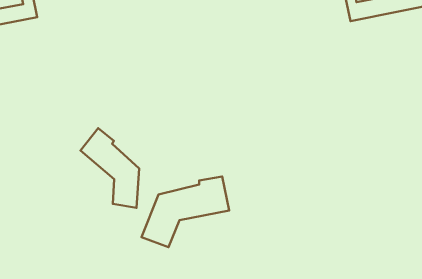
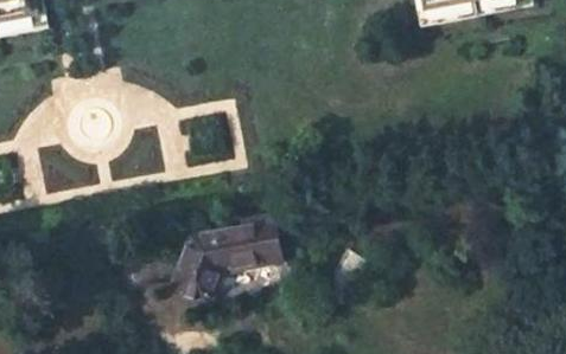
building: [81,128,139,208] -> none

